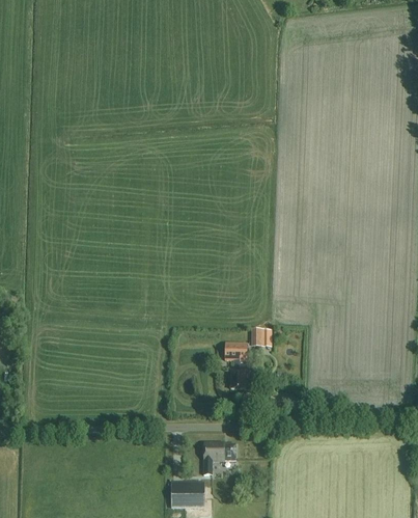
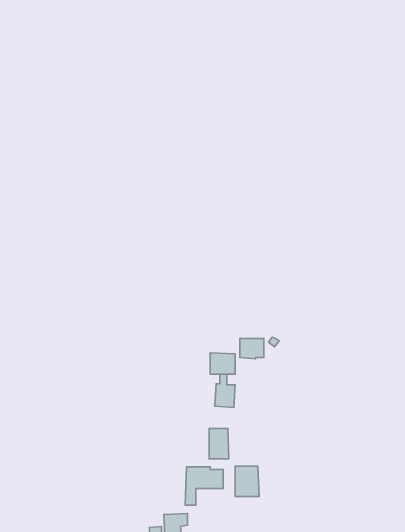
building: none -> [209,428,229,459]
building: none -> [235,466,259,497]

